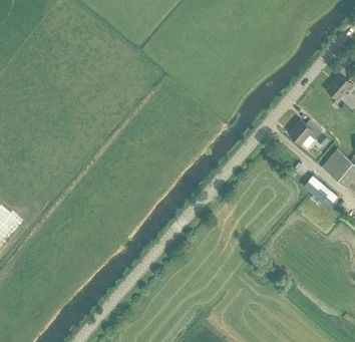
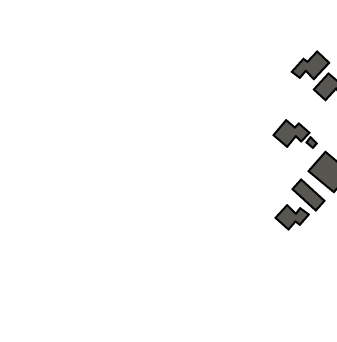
building: none -> [292,52,329,79]
building: none -> [276,205,309,230]

